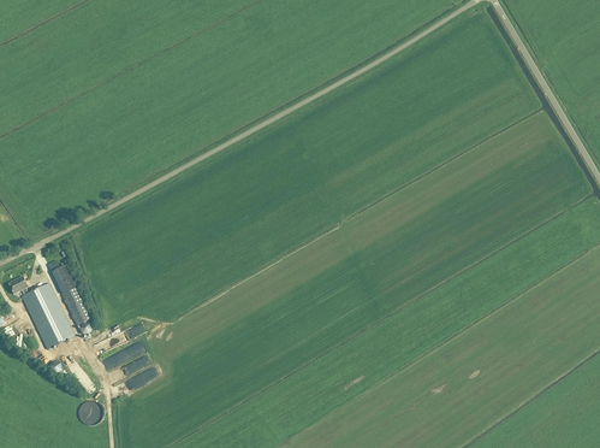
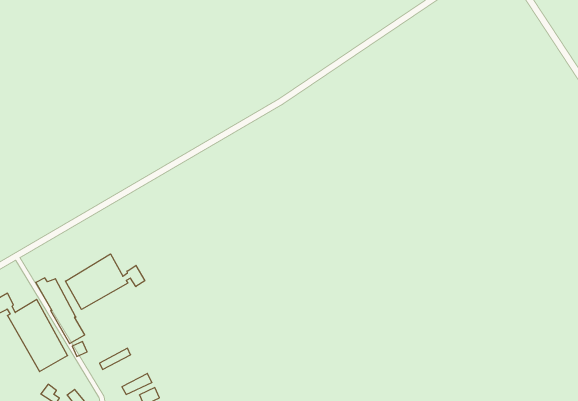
building: none -> [65,254,145,309]

